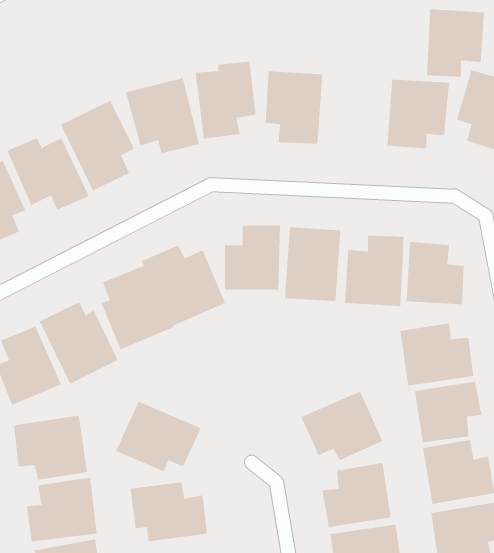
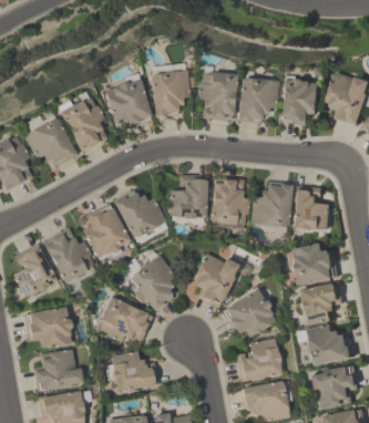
building: [426,9,485,77] -> [236,76,276,123]
building: none -> [189,248,240,309]
building: none -> [123,251,175,313]

